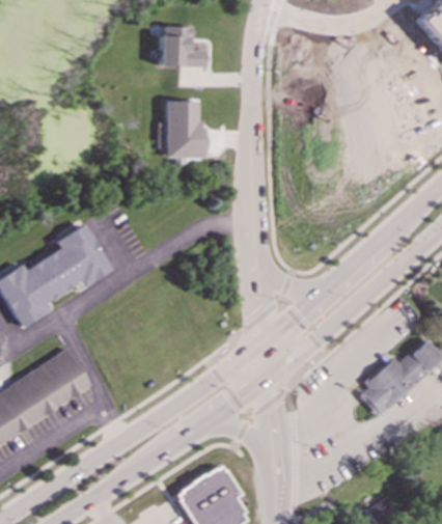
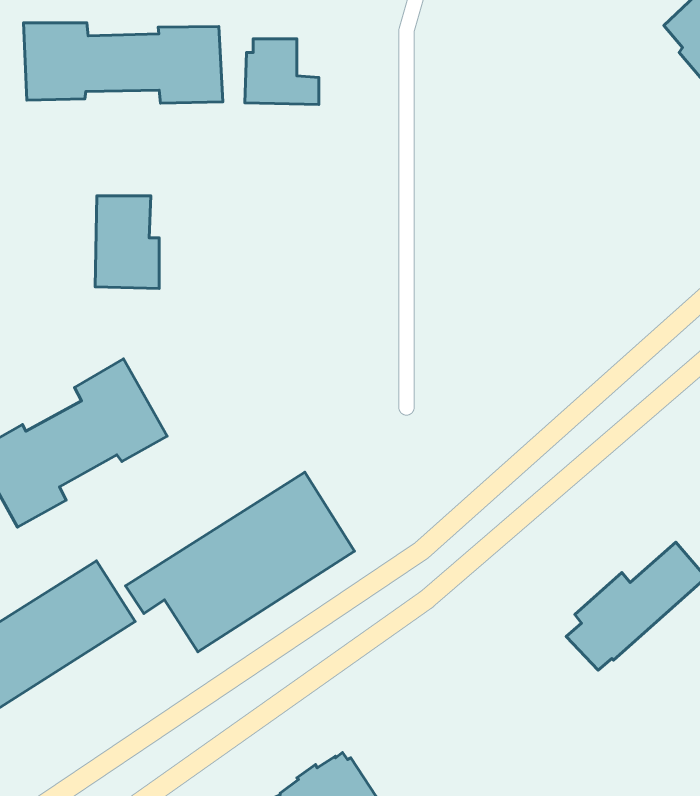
building: none -> [24,23,223,103]
building: [166,101,205,158] -> [95,196,159,288]
building: none -> [126,472,355,652]

